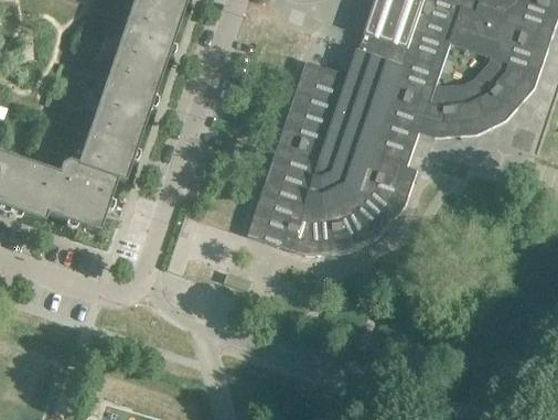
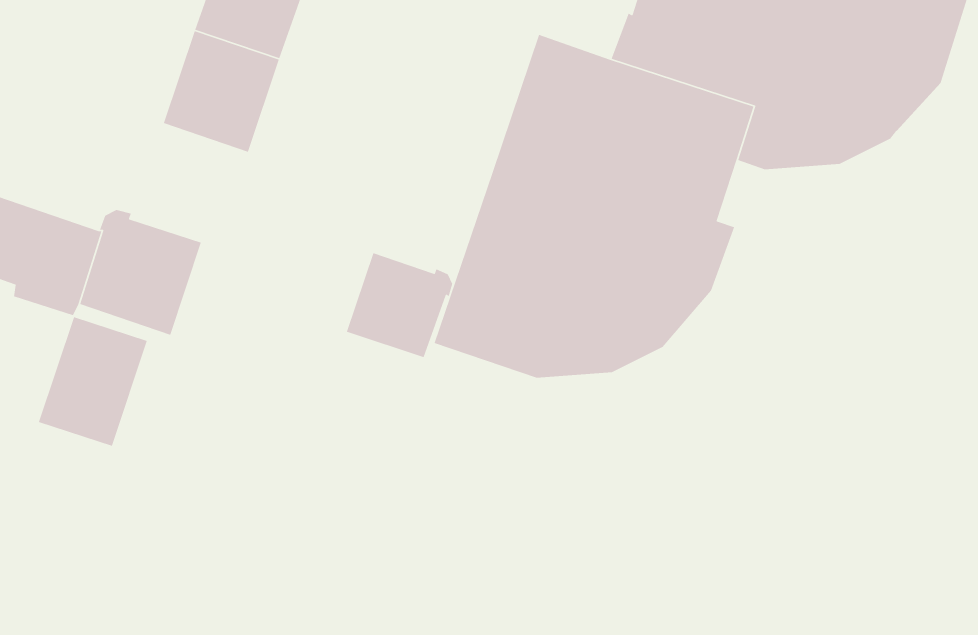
building: [75,108,142,179] -> none
building: none -> [346,252,453,358]
building: none -> [38,316,148,447]

